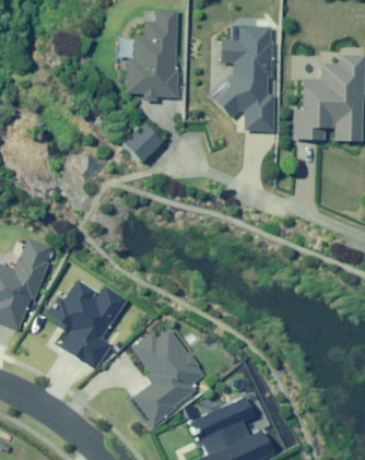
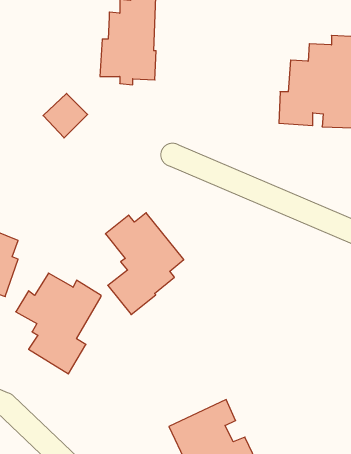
building: [211,26,276,132] -> none
building: [122,120,164,162] -> [43,93,88,138]
building: [130,329,203,424] -> [105,213,184,315]

